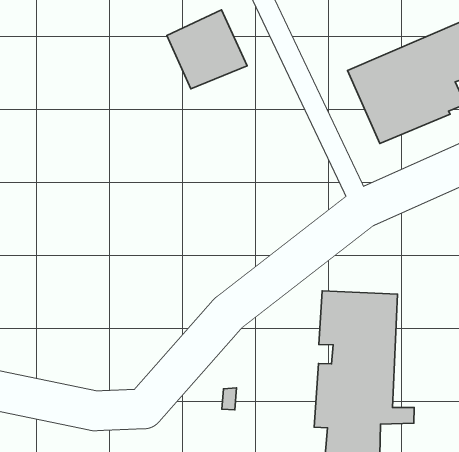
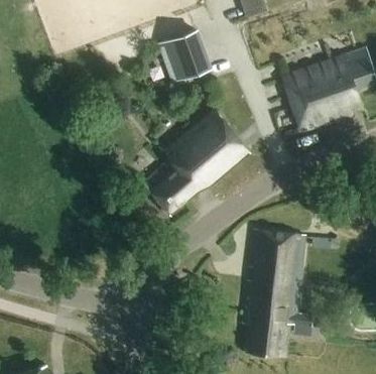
building: none -> [143,107,250,216]

